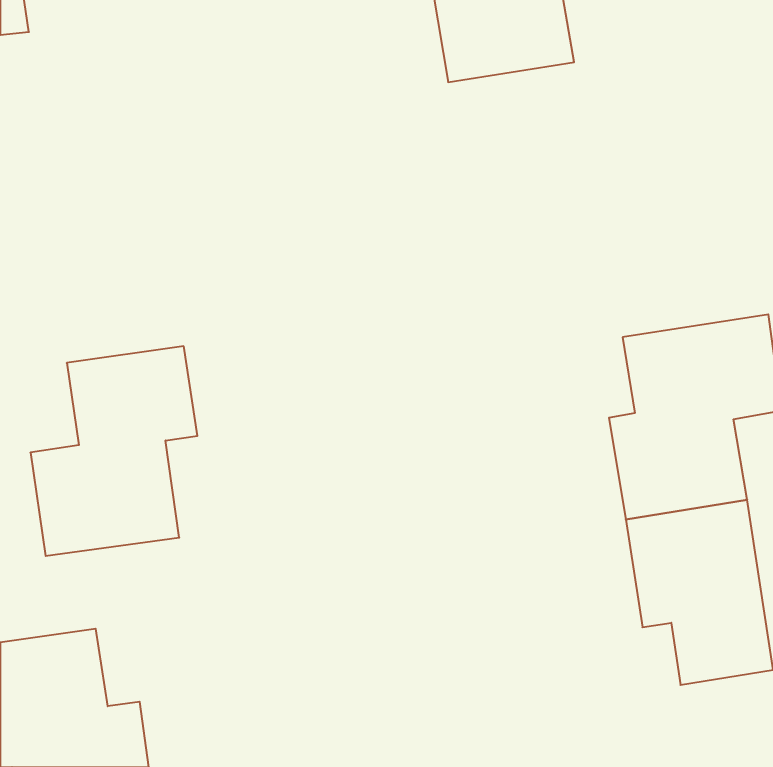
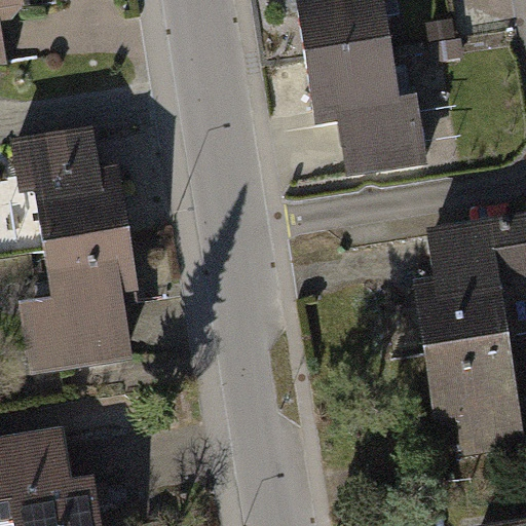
building: none -> [305,42,430,174]
building: none -> [6,129,126,246]

